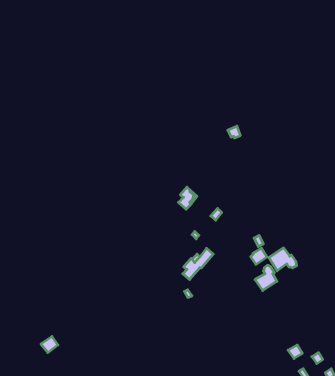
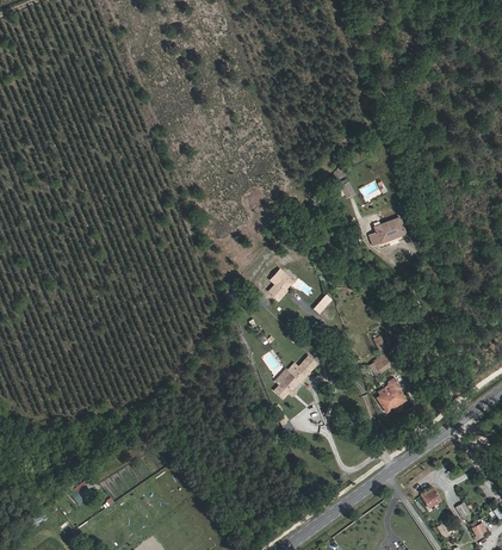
building: none -> [368,216,407,246]
building: [269,248,296,271] -> none

